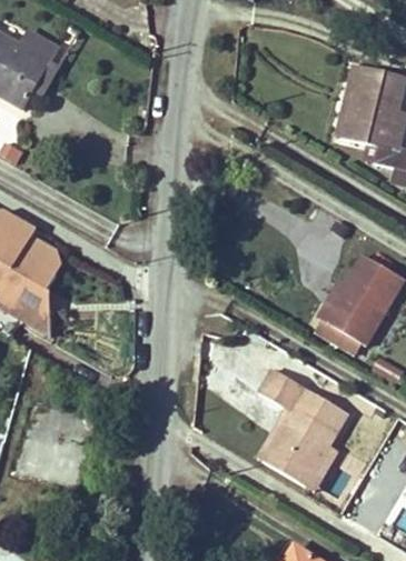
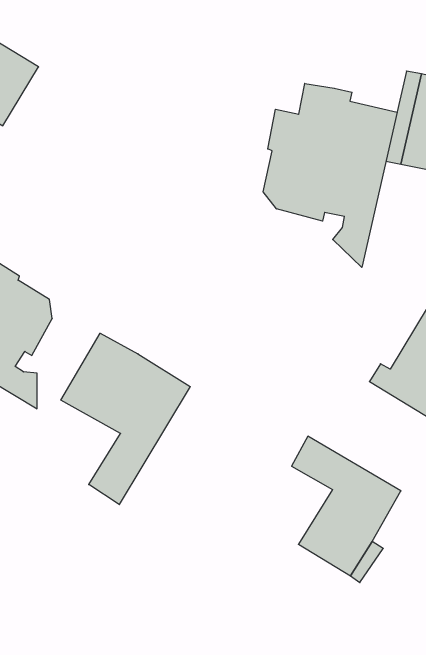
building: none -> [263,83,397,267]
building: none -> [61,333,190,505]

